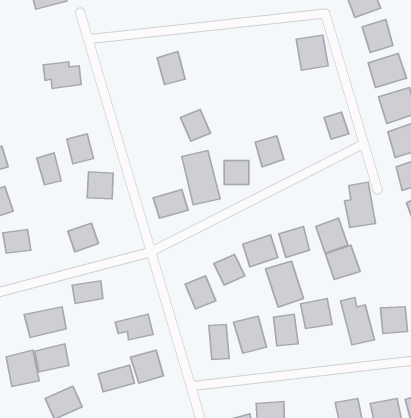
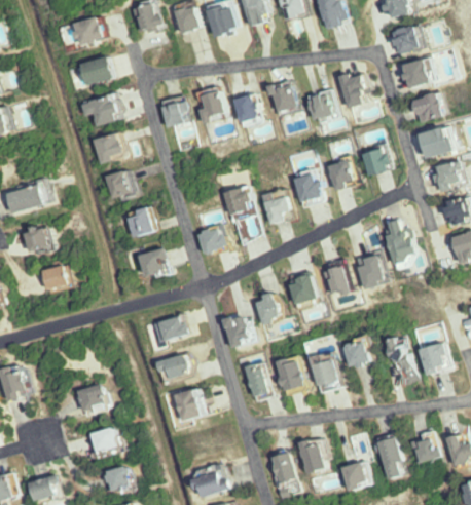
building: none -> [76,56,117,88]
building: none -> [269,82,298,115]
building: none -> [305,89,337,122]
building: none -> [162,101,189,125]
building: none -> [95,132,129,164]
building: [181,109,210,141] -> [231,93,261,125]
building: none -> [327,159,356,190]
building: [37,153,61,185] -> none
building: [68,223,99,252] -> [139,249,170,278]
building: [325,245,360,279] -> none
building: [266,261,304,307] -> none
building: [72,281,103,304] -> [158,315,189,338]
building: [24,307,66,337] -> none
building: [6,350,39,387] -> none
building: [98,365,135,392] -> none

